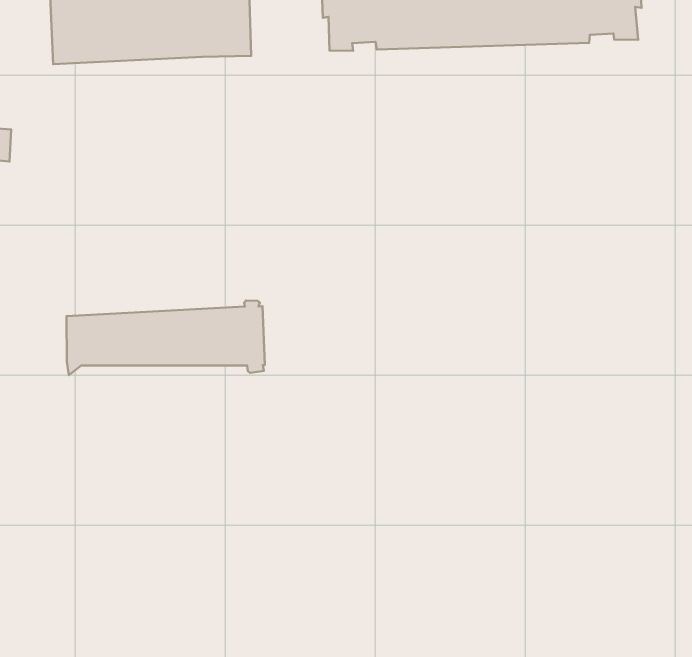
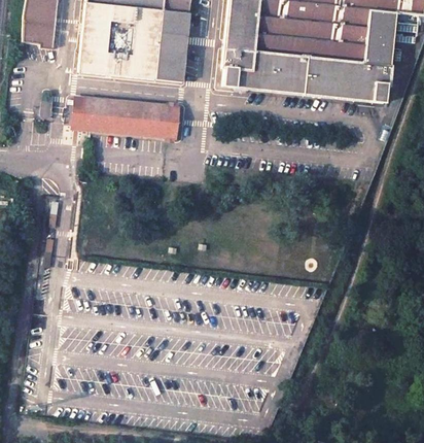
building: [66,300,265,375] -> [74,97,180,140]

